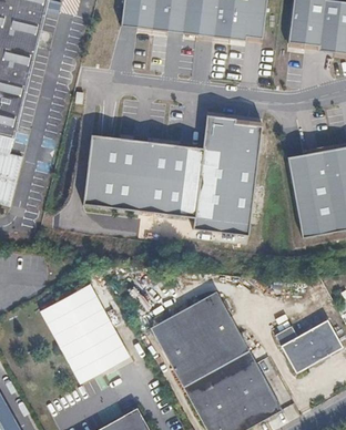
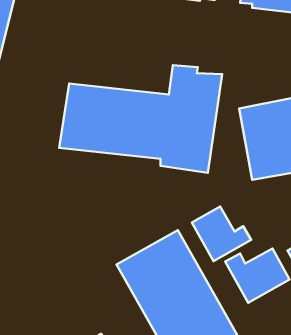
building: none -> [192,206,251,261]
building: [39,286,124,380] -> none

